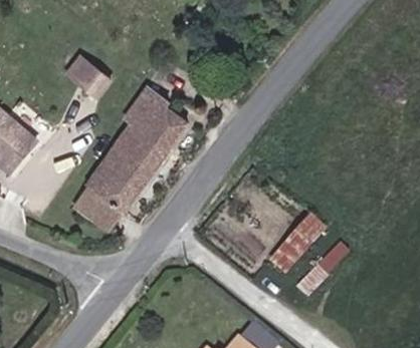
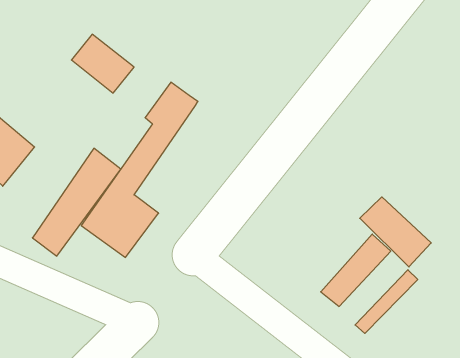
building: [116,106,188,195] -> [32,148,121,256]
building: none -> [360,197,431,267]

